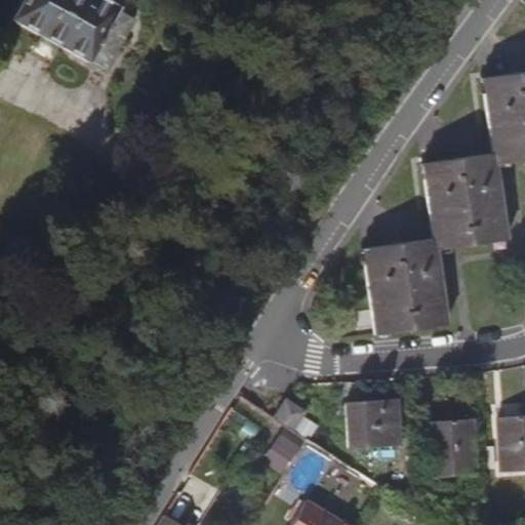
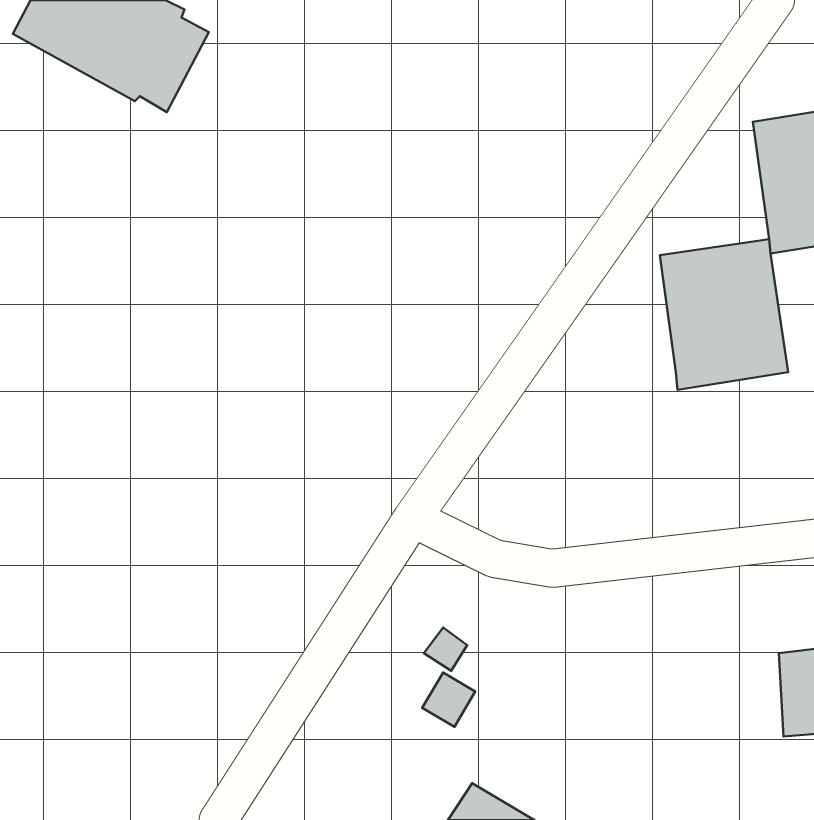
building: [364,238,447,333] -> none
building: [347,398,402,447] -> none
building: [427,419,476,476] -> none

